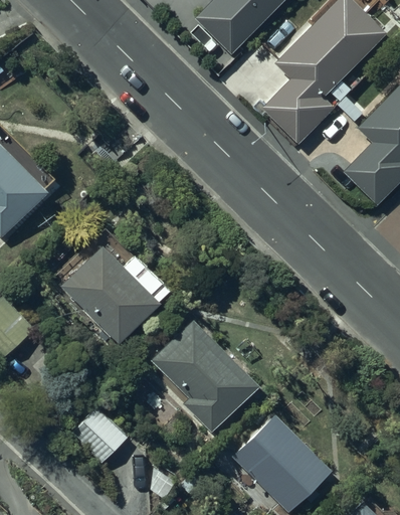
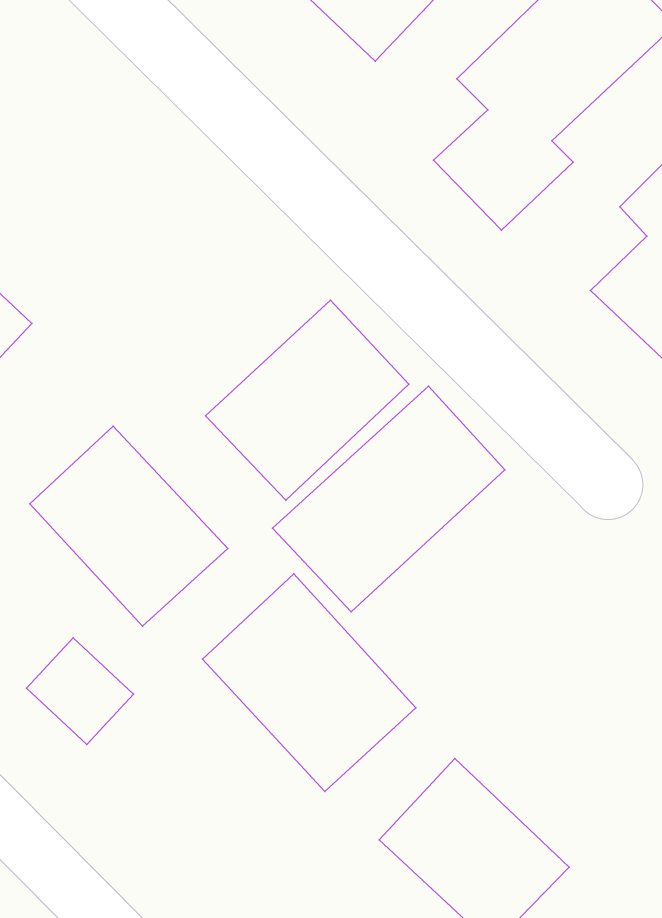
building: none -> [206,300,409,500]
building: none -> [273,386,505,612]
building: [72,409,128,465] -> [27,638,133,745]

